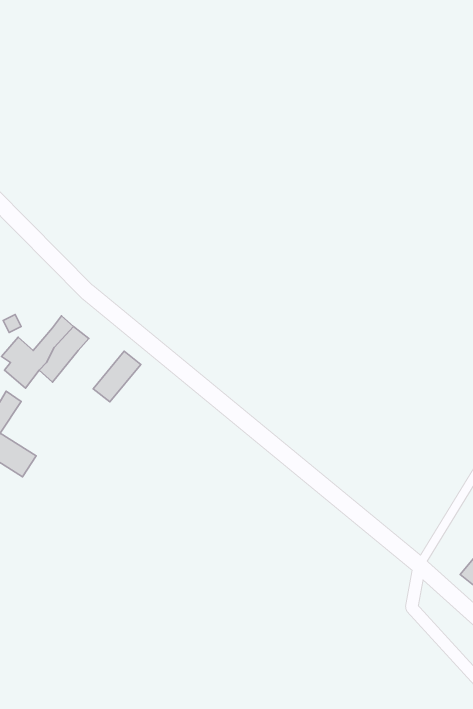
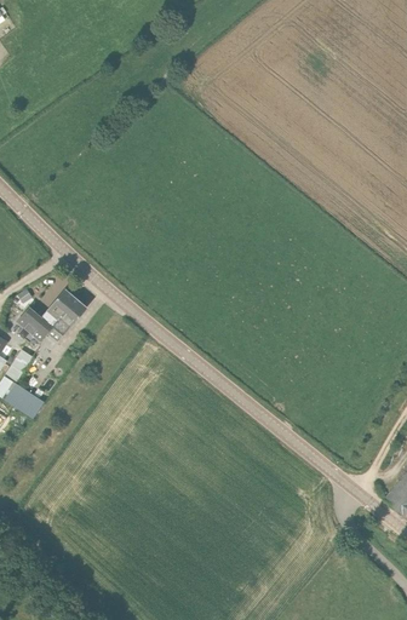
building: [93,351,141,402] -> none

